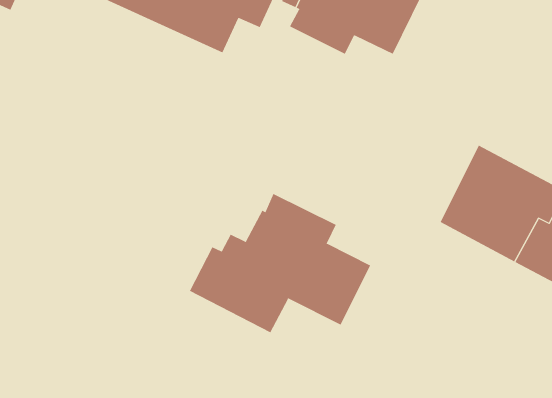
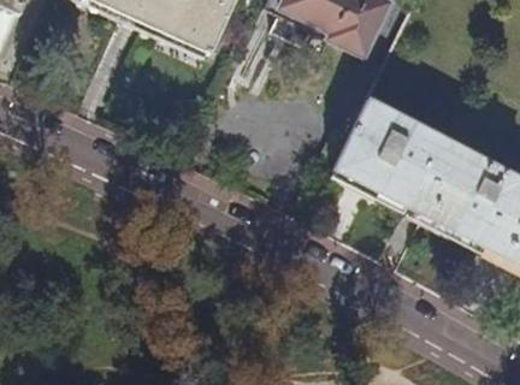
building: none -> [332,97,442,207]
building: [189,193,371,333] -> none

